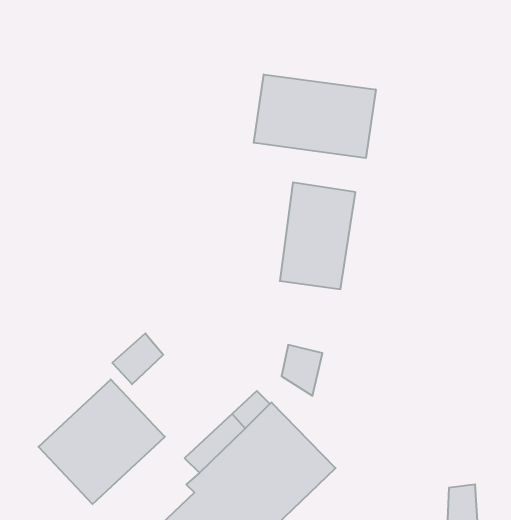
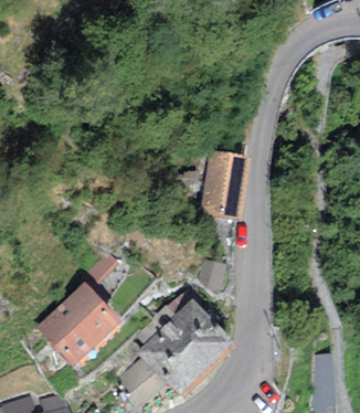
building: [254,74,376,158] -> none

